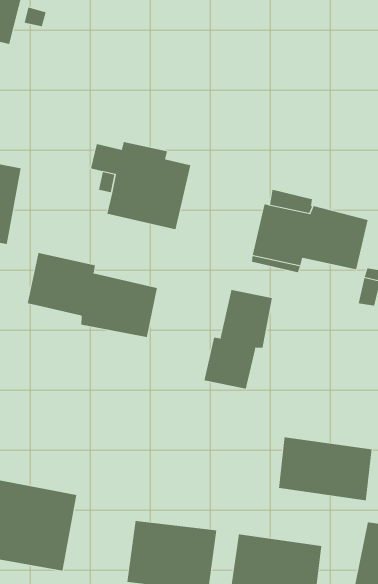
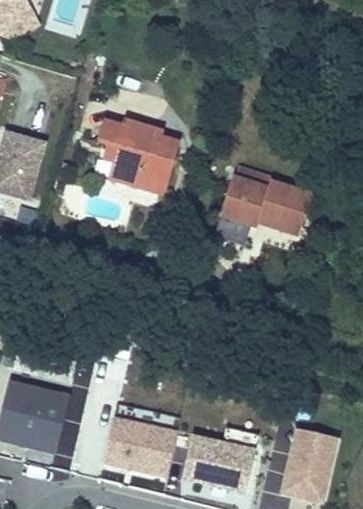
building: [27,252,157,338] -> none
building: [204,289,272,390] -> none
building: [278,436,372,501] -> none

